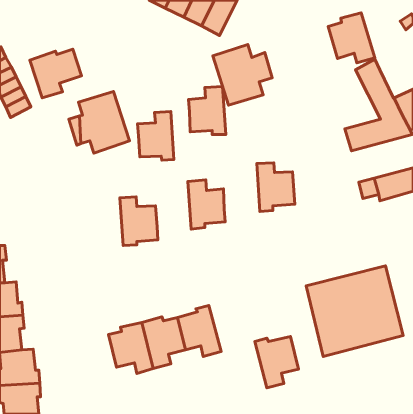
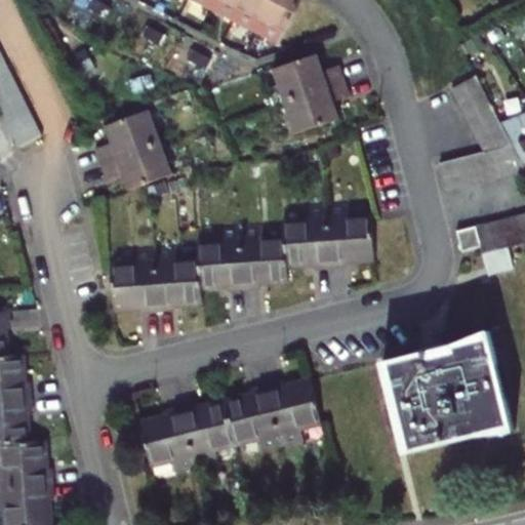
building: [328,13,375,63] -> none
building: [30,49,81,98] -> none
building: [189,87,226,134] -> [282,207,329,268]
building: [138,112,174,160] -> [196,230,242,291]
building: none -> [109,250,156,313]
building: [255,337,299,388] -> [265,380,320,445]

